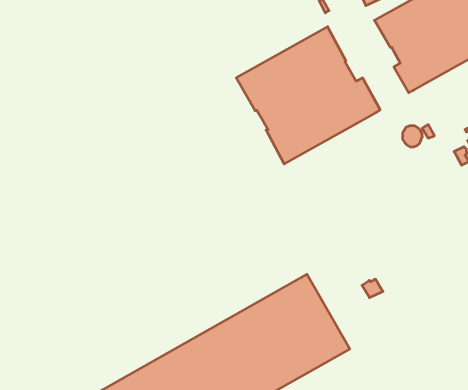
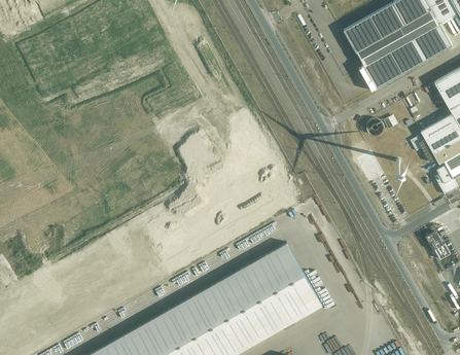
building: [236,27,380,164] -> none

